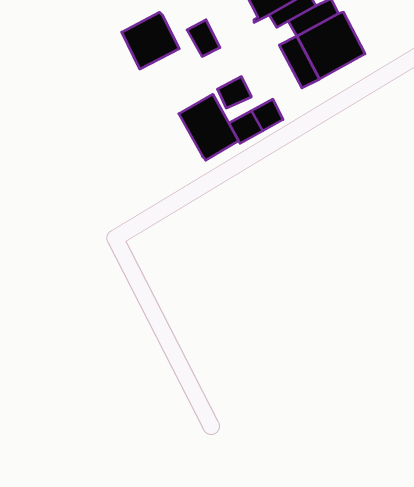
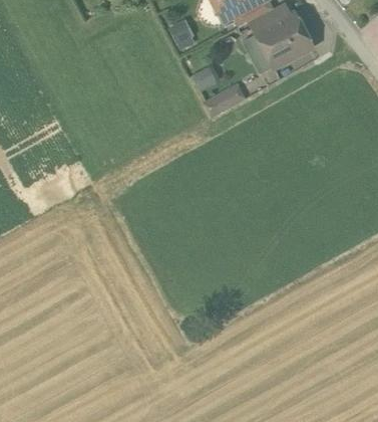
building: [122,12,179,69] -> none
building: [179,94,238,160] -> none

